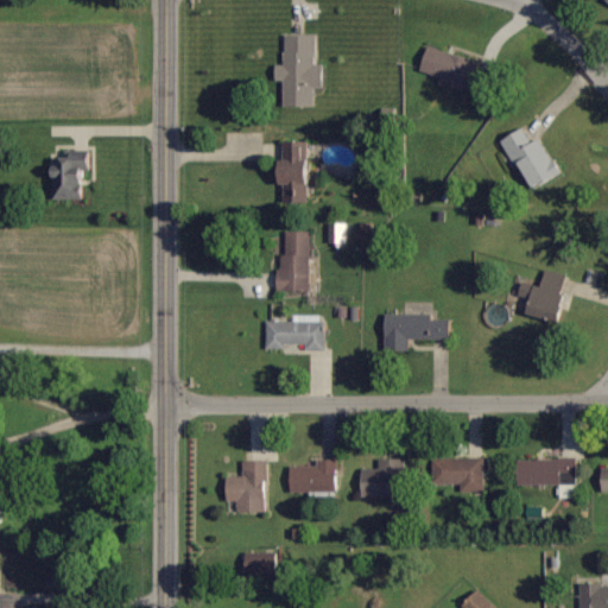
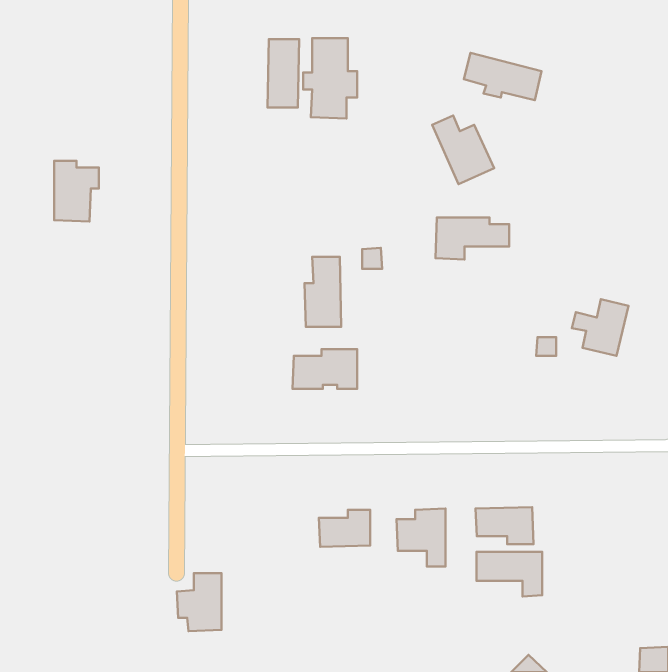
building: [502,129,558,191] -> [432,116,494,184]
building: [279,141,308,203] -> [268,39,299,108]
building: [381,314,448,352] -> [435,217,509,260]
building: [515,458,575,499] -> [476,552,542,597]
building: [224,461,265,513] -> [177,573,222,631]
building: [243,552,276,576] -> none

